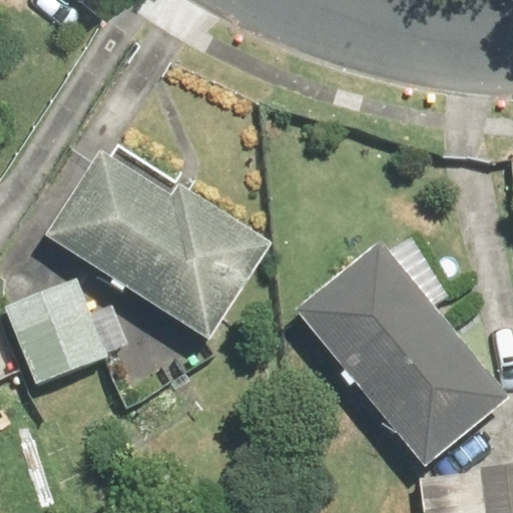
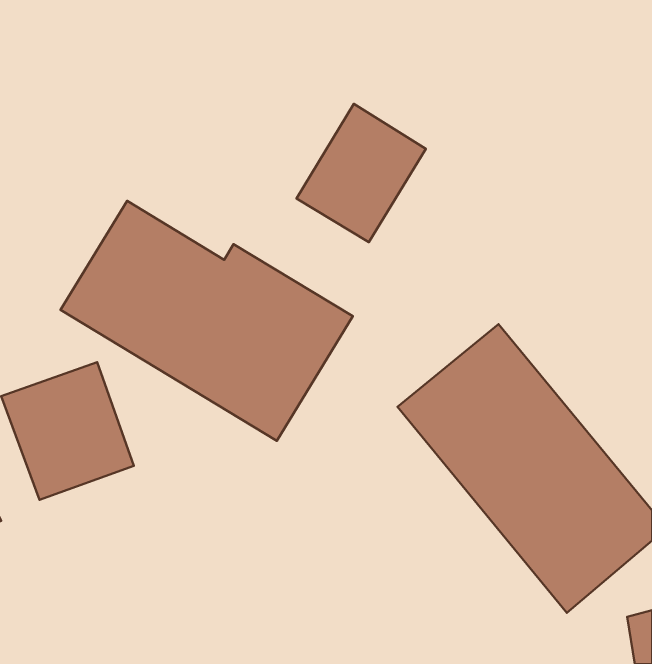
building: none -> [297,104,426,242]

